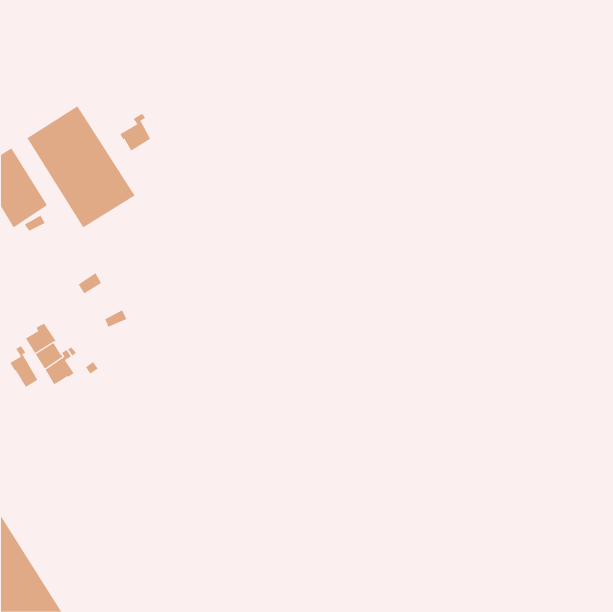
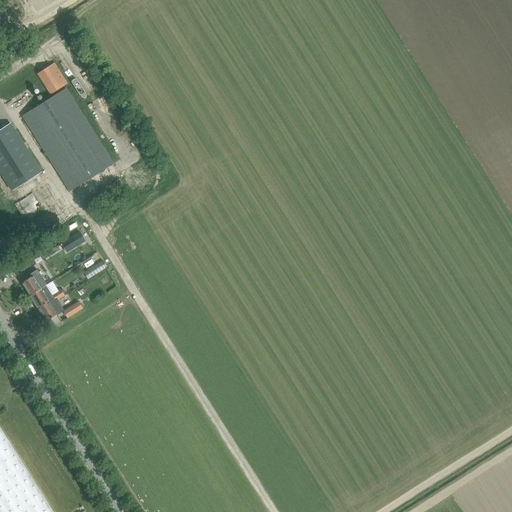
building: none -> [37,62,67,94]
building: [120,113,151,151] -> none
building: [10,345,38,388] -> none

